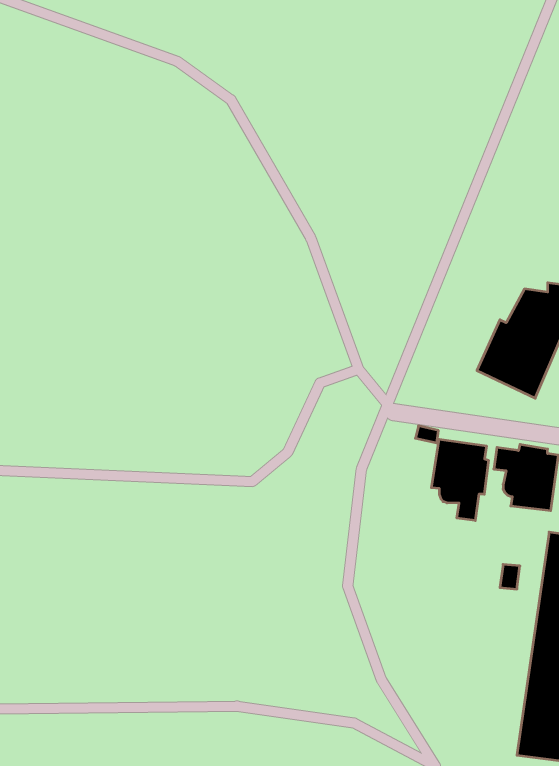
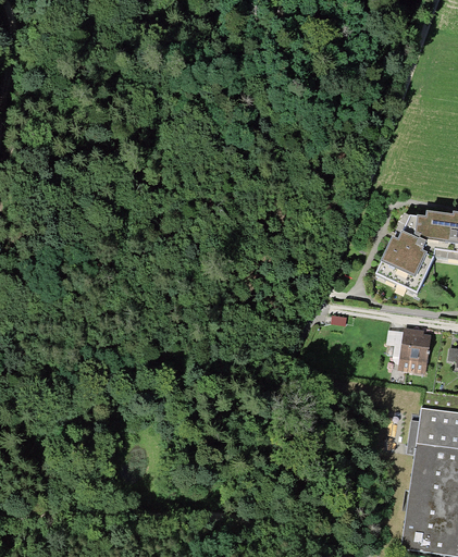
building: [431,439,488,521] -> none

